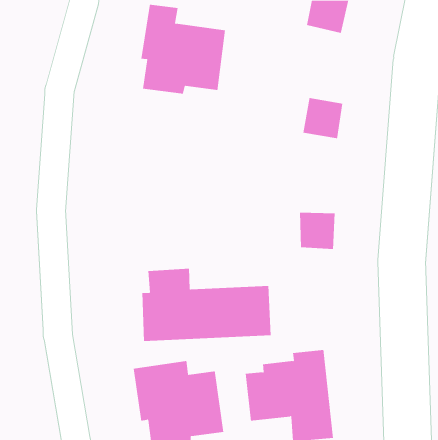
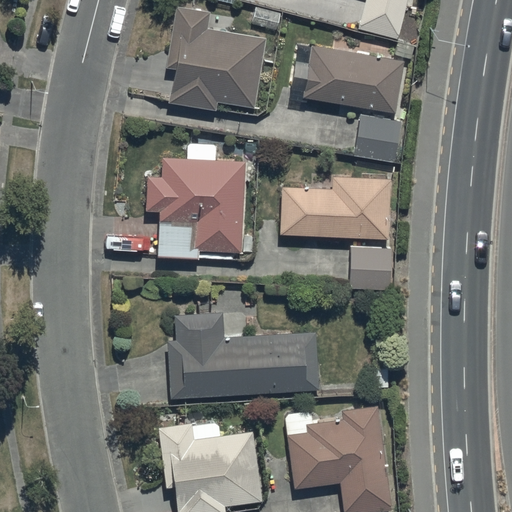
building: none -> [288,42,405,114]
building: none -> [146,144,245,258]
building: none -> [280,177,390,238]

